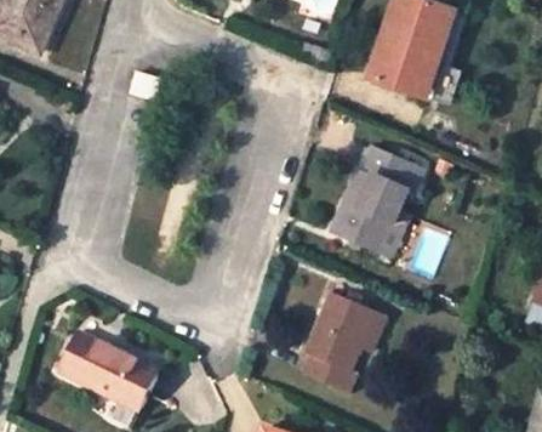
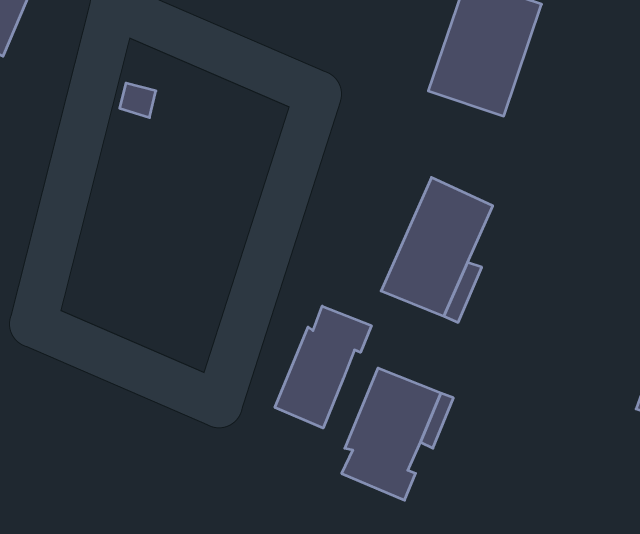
building: none -> [275,306,371,428]
building: [57,331,160,410] -> none

